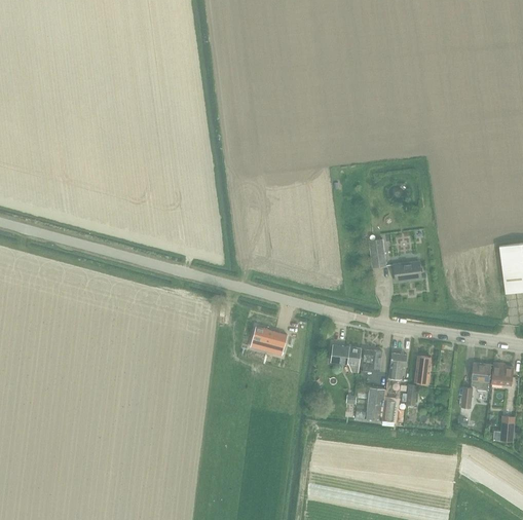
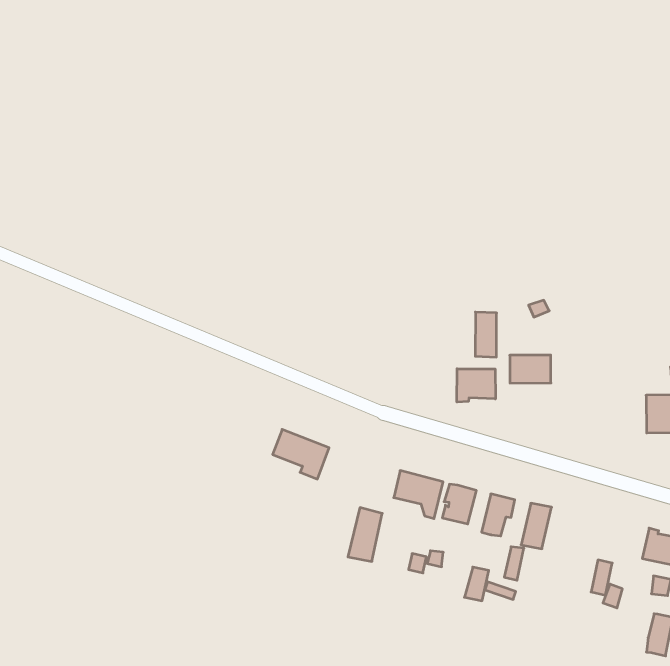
building: none -> [457,369,495,402]
building: [471,362,491,391] -> none
building: [366,387,384,420] -> [348,508,382,561]

